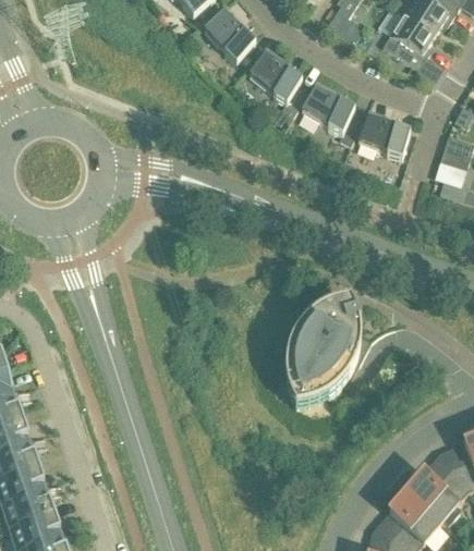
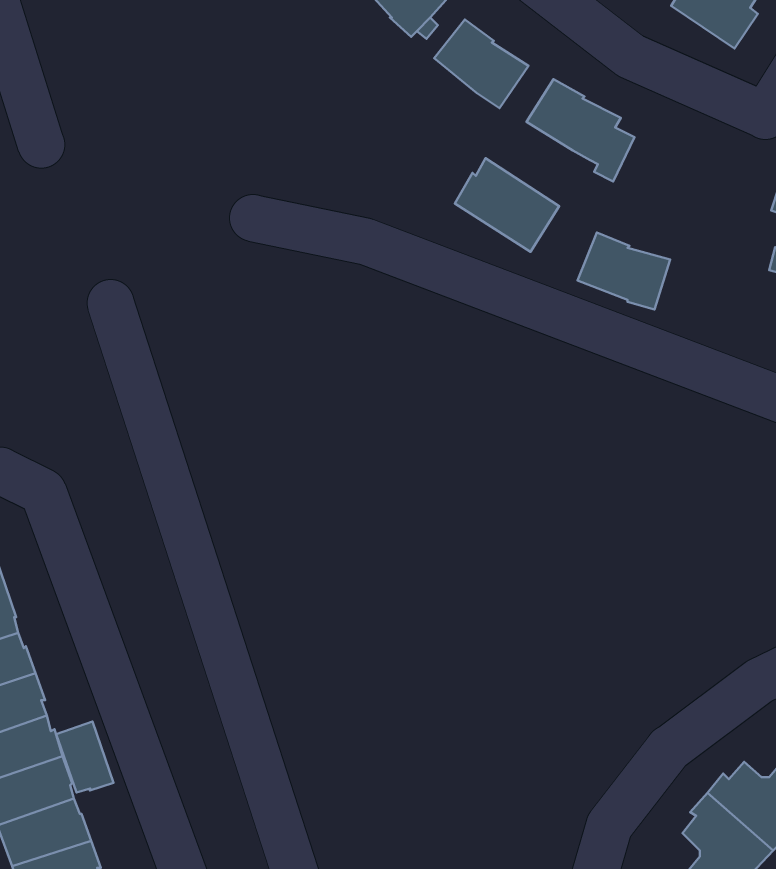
building: [357,112,410,156] -> [578,232,670,310]
building: none -> [455,158,559,252]
building: [284,298,360,404] -> none
building: none -> [56,721,113,793]

